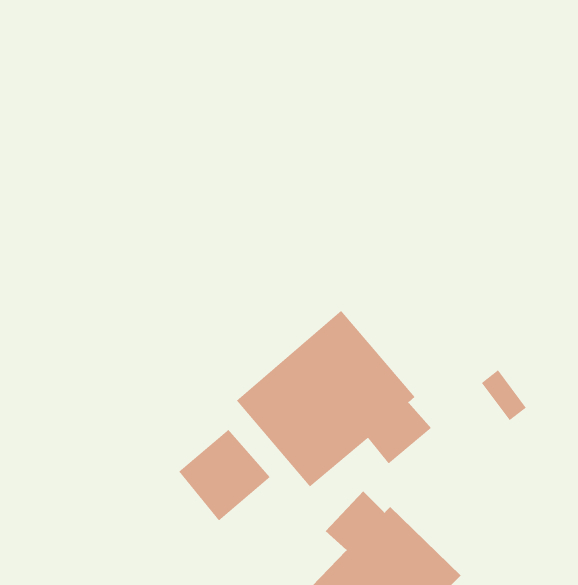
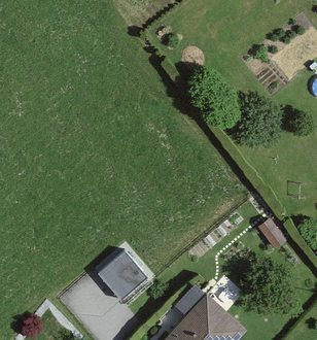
building: [236,310,432,488] -> none

